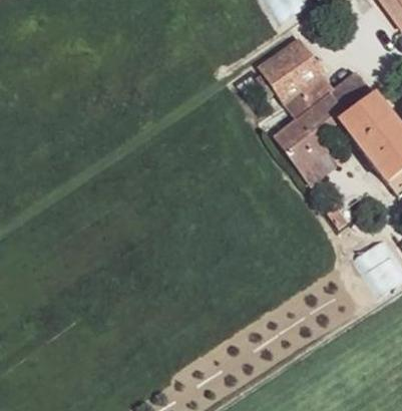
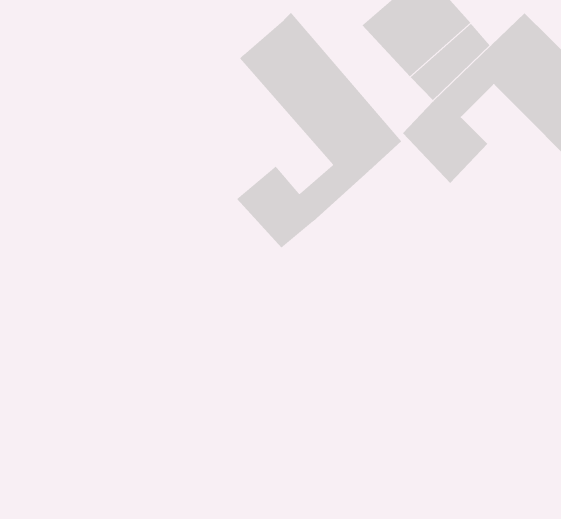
building: none -> [236,12,402,249]

